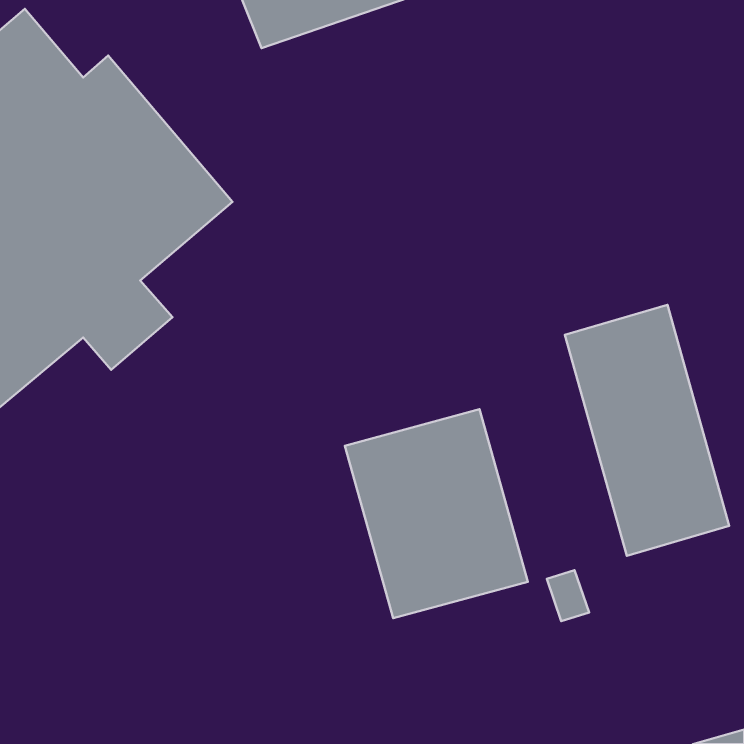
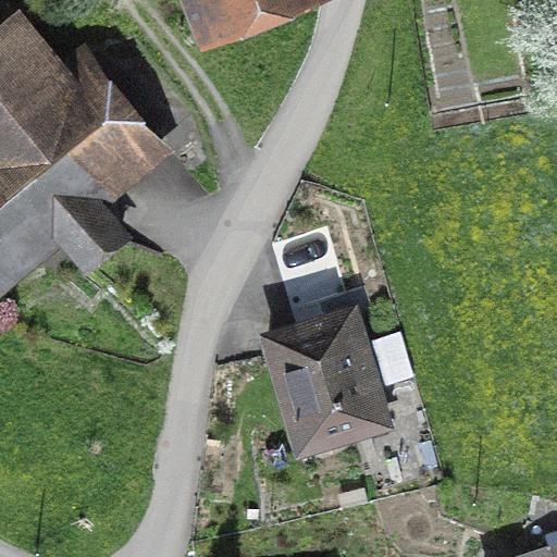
building: [565,305,729,556] -> none

